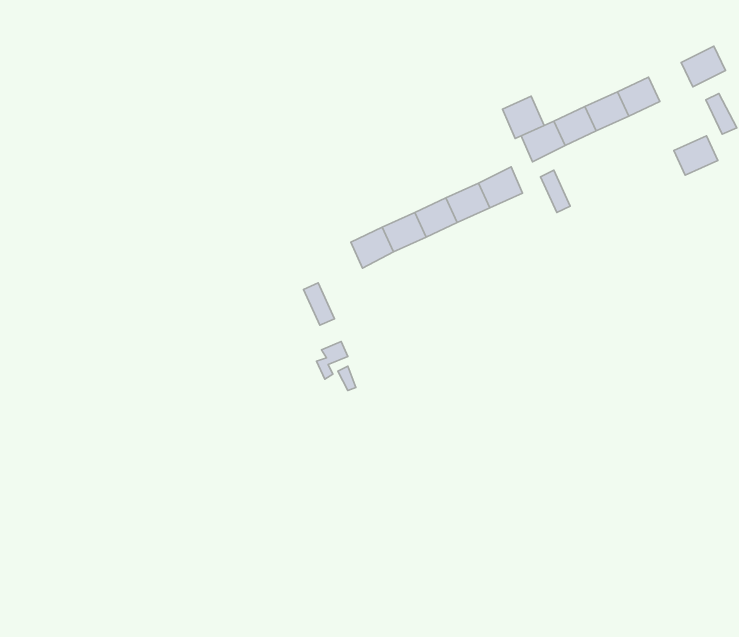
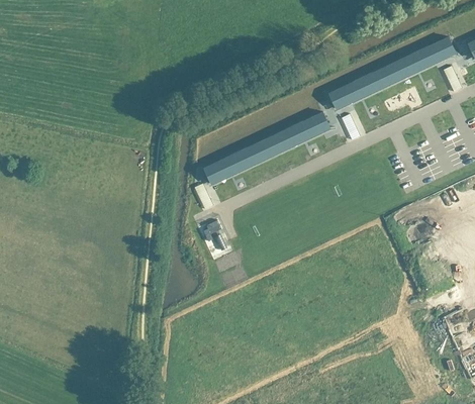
building: [502,96,544,138] -> none
building: [674,136,718,175] -> [409,46,437,71]
building: none -> [205,158,232,183]

